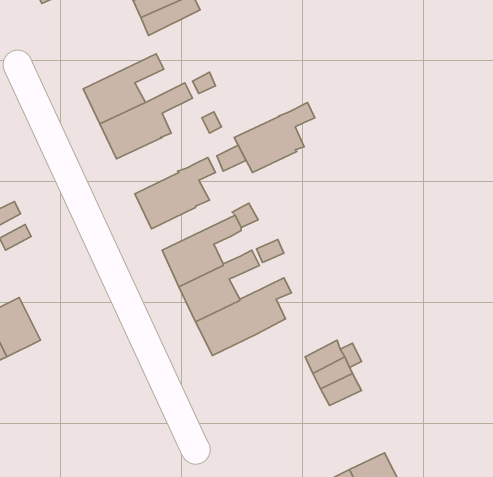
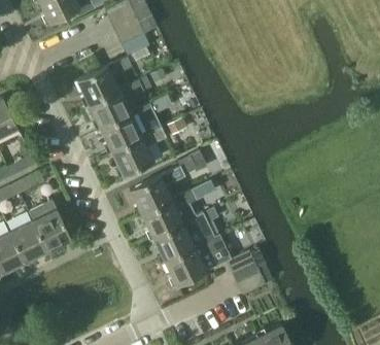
building: [234,103,315,173] -> [99,105,153,152]
building: none -> [28,201,70,251]
building: none -> [164,237,218,285]

